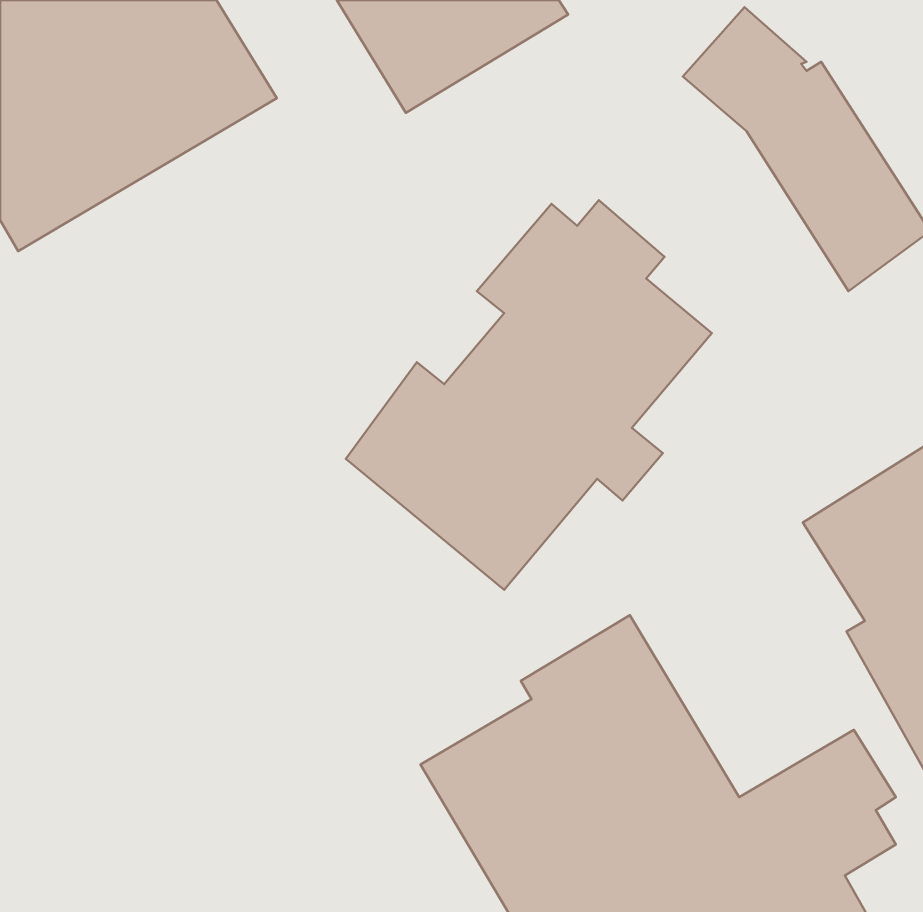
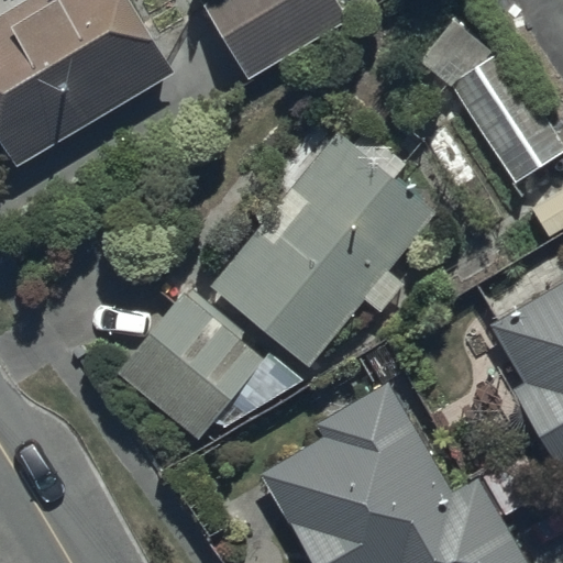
building: none -> [115,292,263,440]

